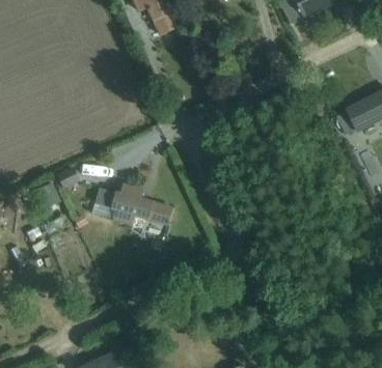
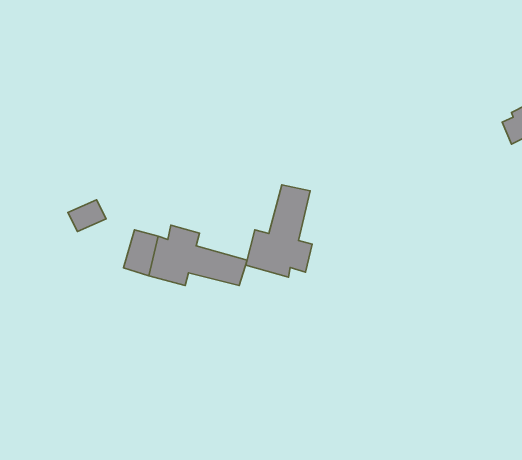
building: none -> [246,185,312,277]

